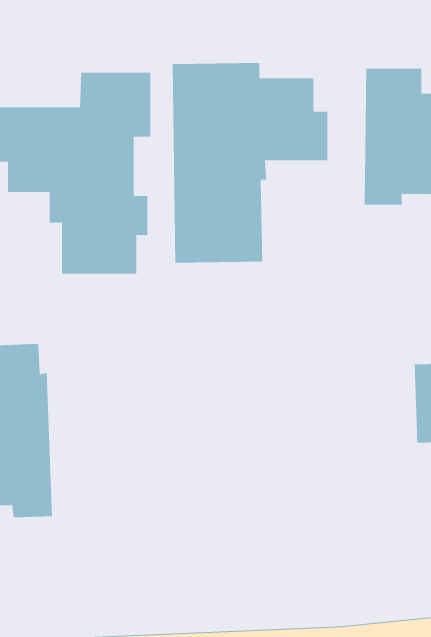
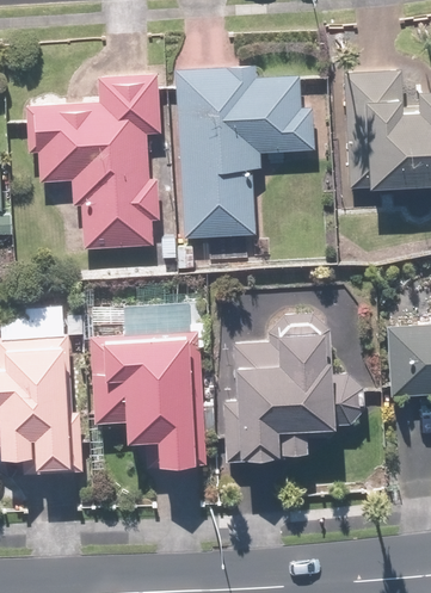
building: none -> [223,331,339,463]
building: none -> [93,334,201,467]

